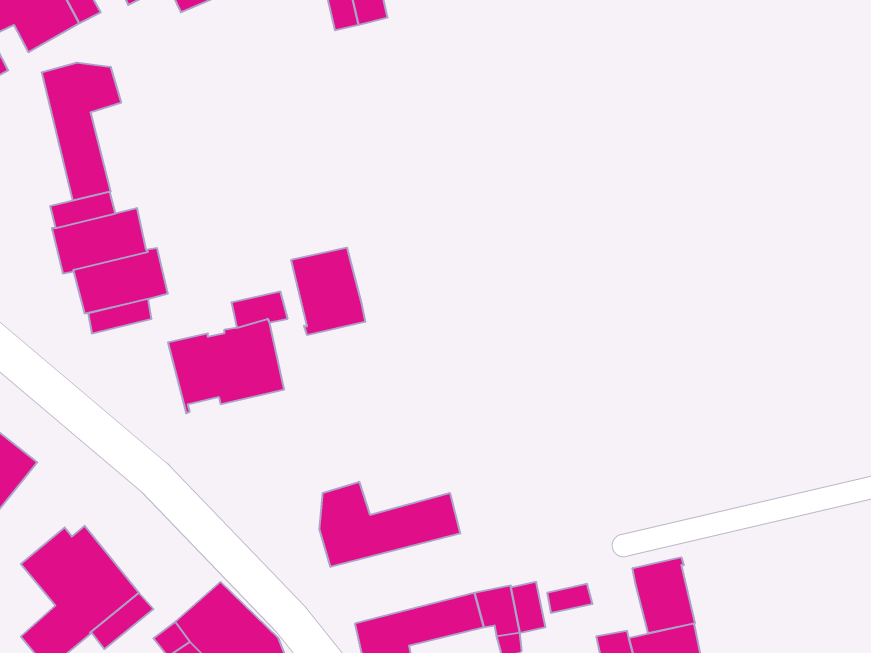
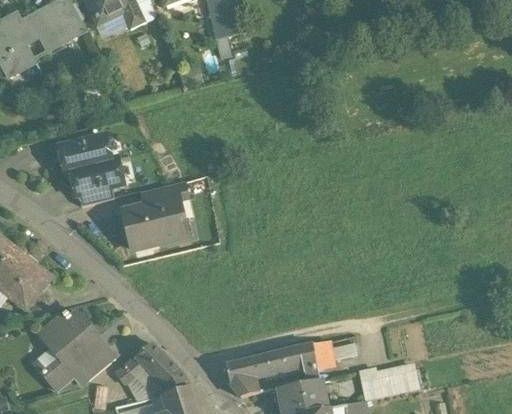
building: [42,63,121,201] -> none
building: [291,248,365,335] -> none
building: [320,482,460,567] -> none
building: [633,557,695,633] -> none

